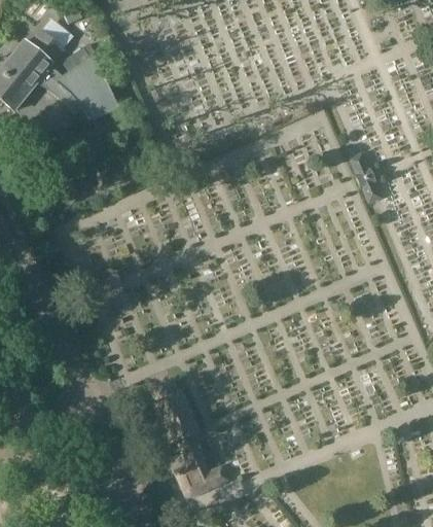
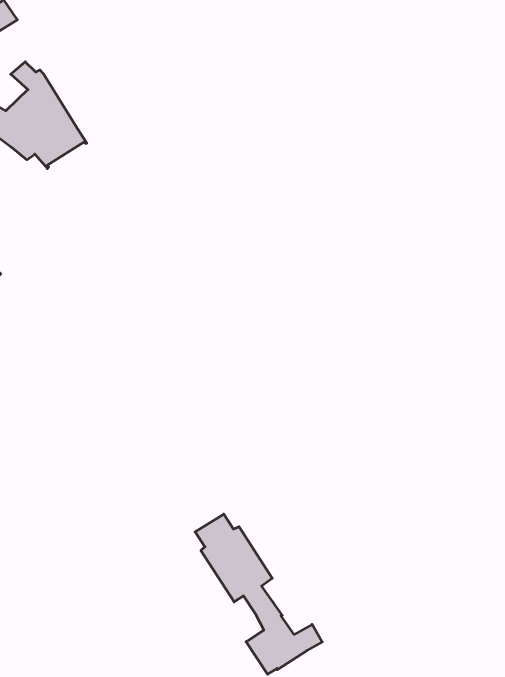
building: [350,149,383,202] -> none

